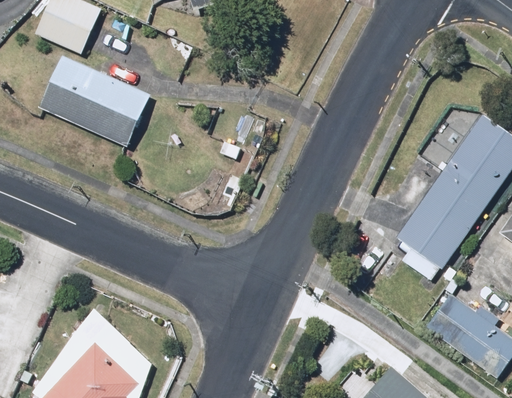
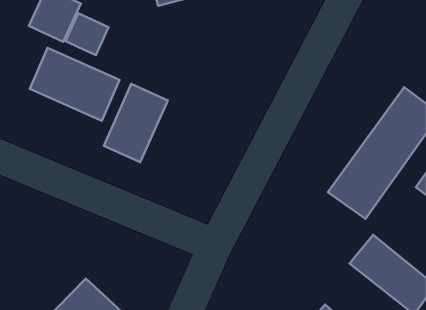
building: none -> [66,13,109,55]
building: none -> [104,84,168,162]

